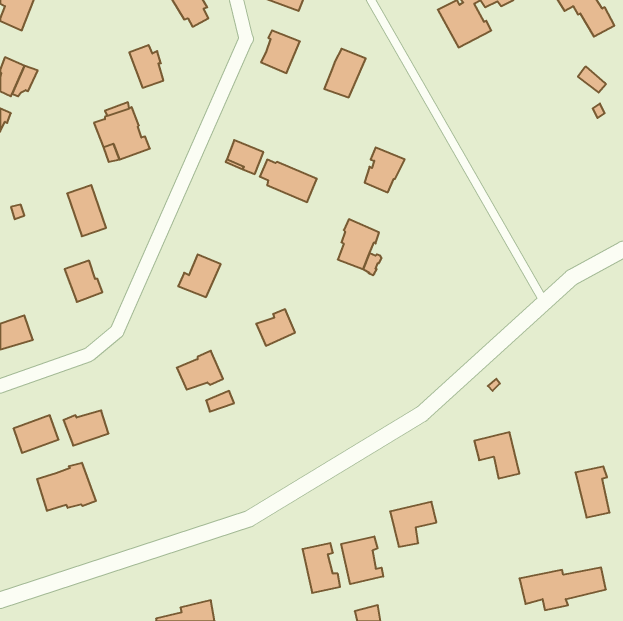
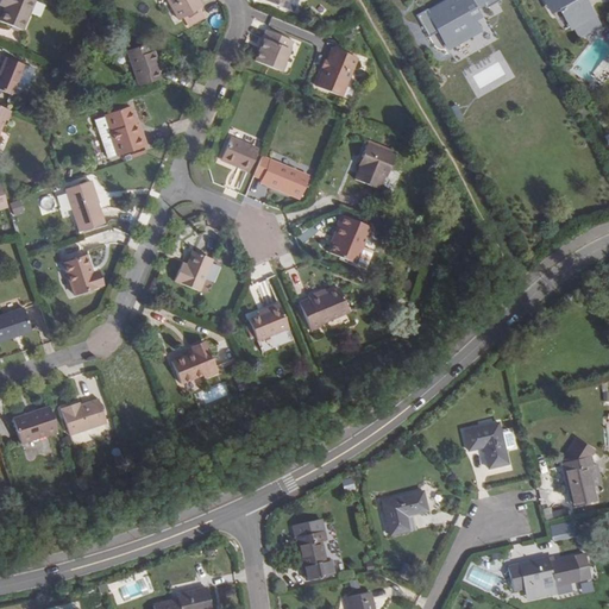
building: none -> [299,285,346,328]
building: [37,463,96,511] -> none
building: [341,536,383,584] -> none

